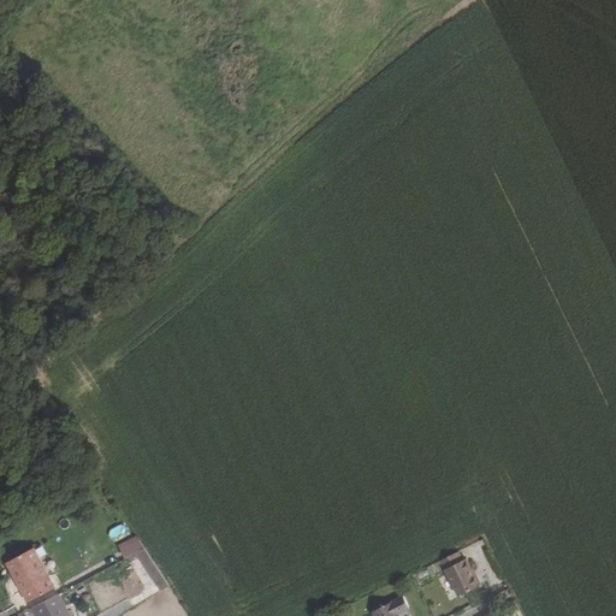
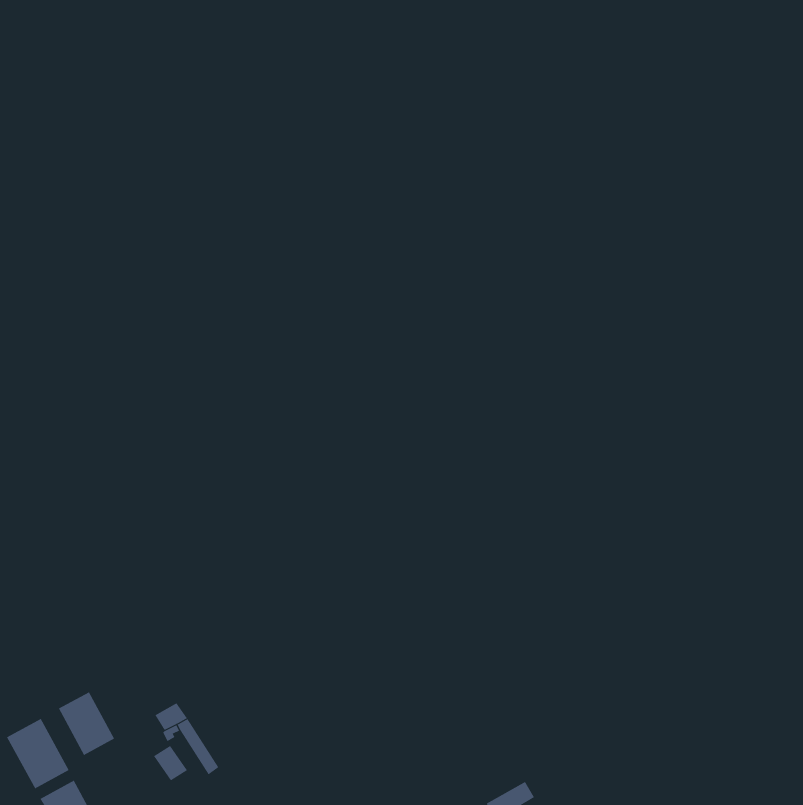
building: none -> [58,691,115,756]
building: [439,552,478,597] -> none

